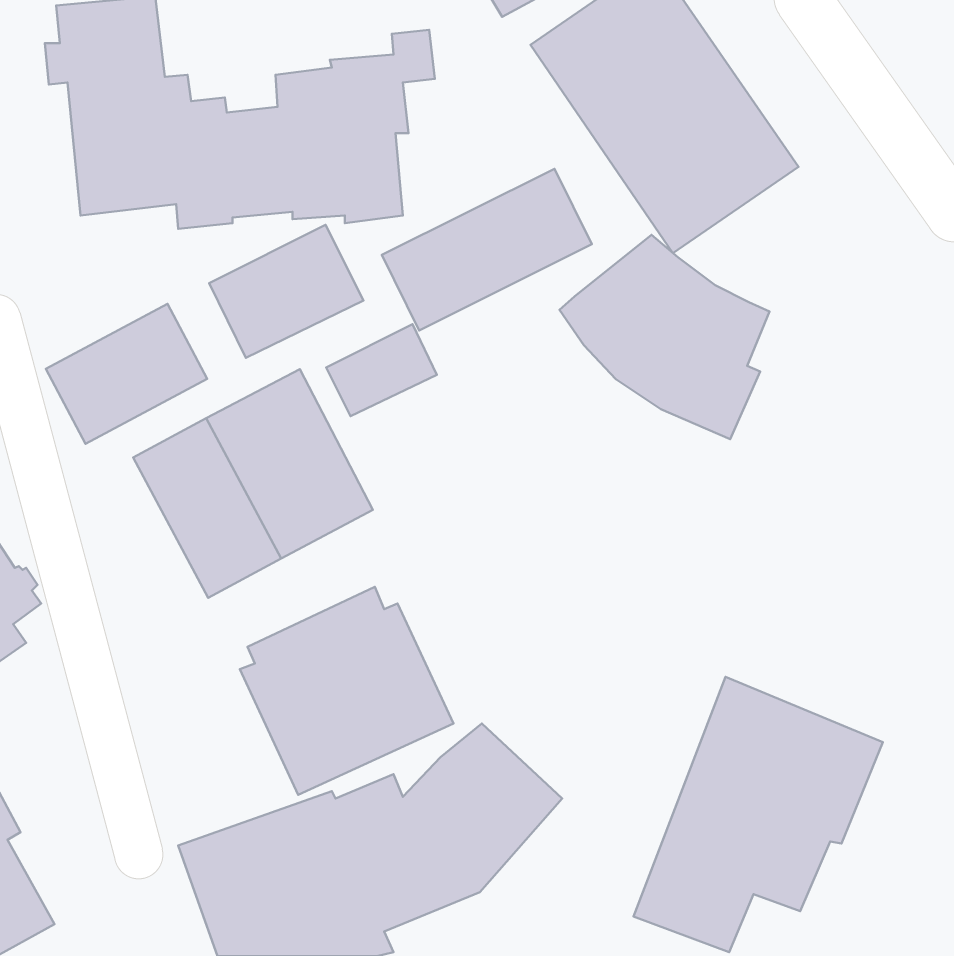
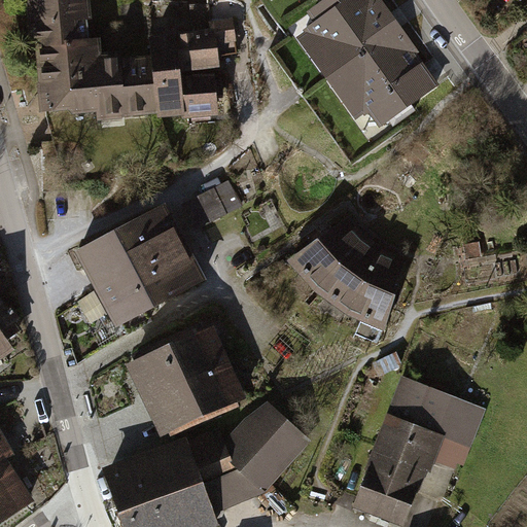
building: [382,169,592,331] -> none
building: [209,225,363,358] -> none
building: [560,235,770,439] -> [291,221,407,333]
building: [46,304,207,444] -> none

